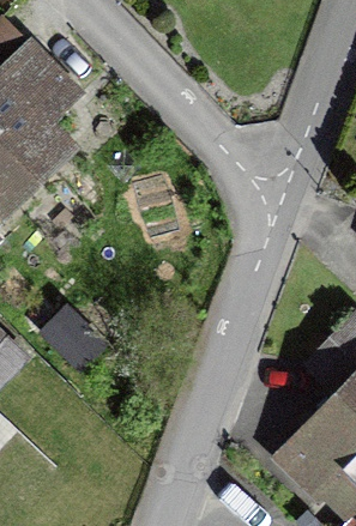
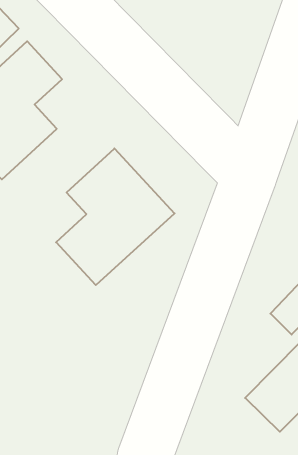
building: none -> [56,148,175,285]

